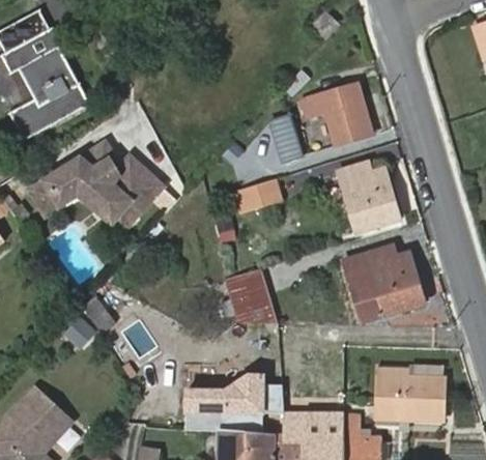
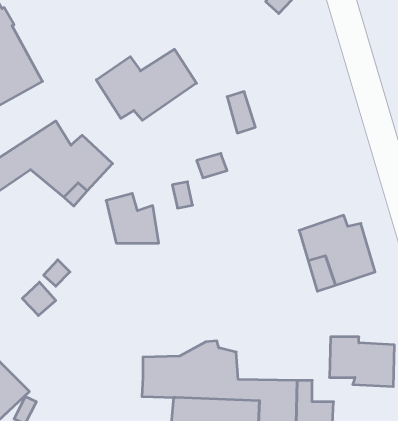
building: none -> [96,49,197,120]
building: [303,85,371,144] -> none
building: [339,162,399,232] -> none
building: [229,274,283,324] -> [106,193,159,243]

